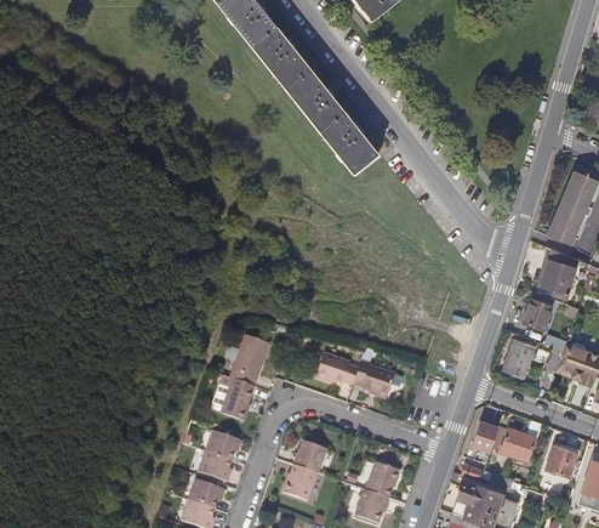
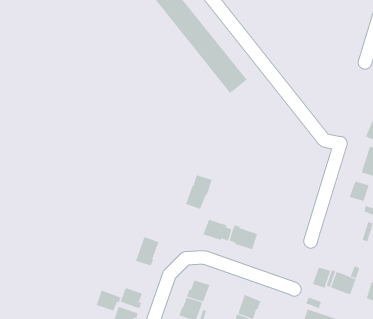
building: [230,336,269,386] -> [185,175,212,210]
building: [504,339,536,377] -> none
building: [205,430,241,460] -> [96,290,121,311]

